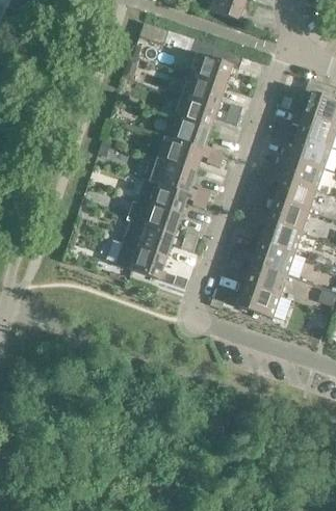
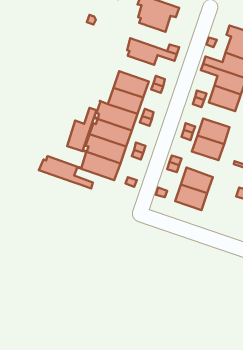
building: [179,77,225,110] -> none
building: [164,115,210,153] -> none
building: [274,180,315,212] -> none
building: none -> [67,108,96,151]
building: [252,243,293,276] -> none
building: none -> [39,156,93,188]

